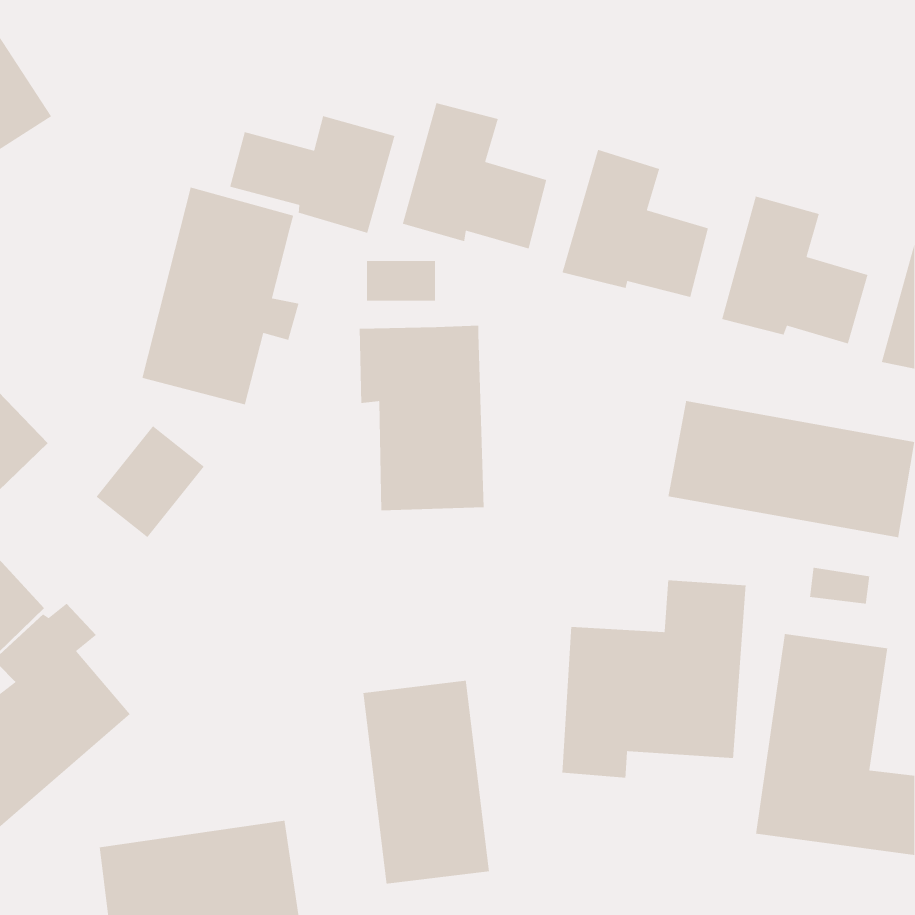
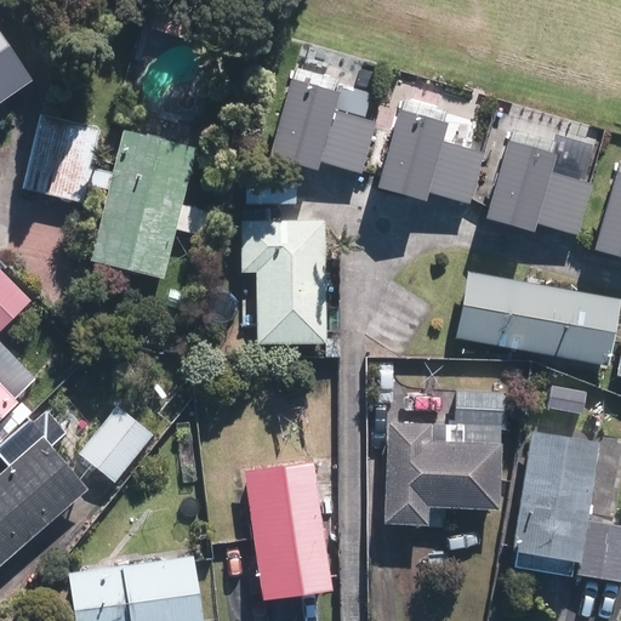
building: [229,115,395,234] -> none
building: none -> [27,114,103,201]
building: [96,425,205,538] -> [80,404,154,480]

